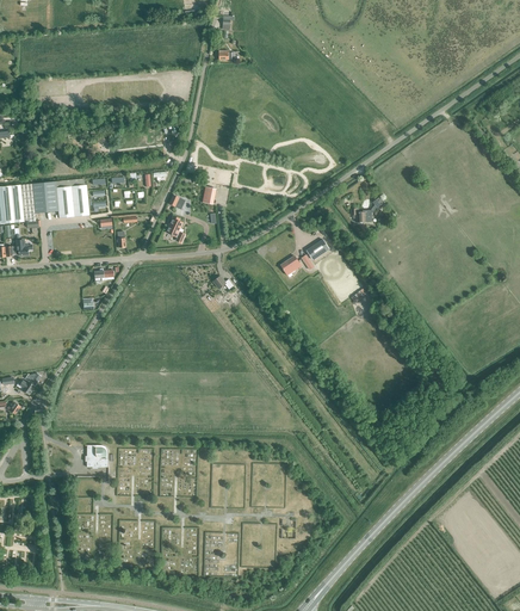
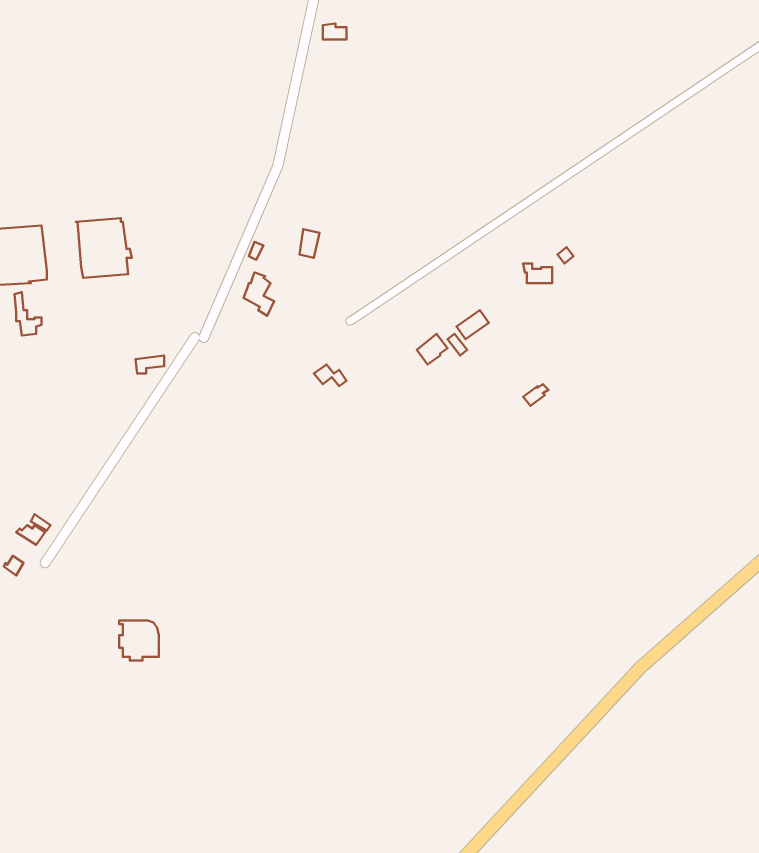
building: [32,181,58,214] -> none

